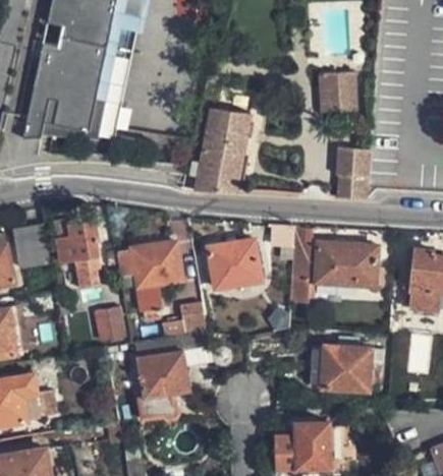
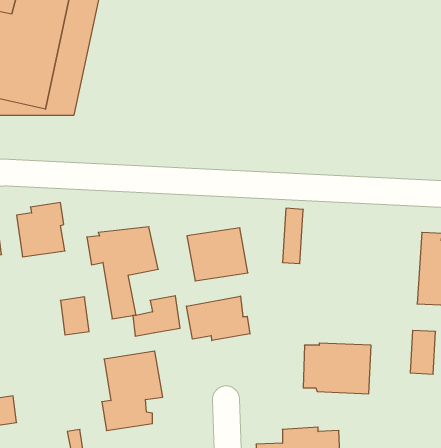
building: [317,71,357,112] -> none
building: [188,104,251,189] -> none
building: [335,144,365,196] -> none
building: [319,243,381,285] -> none
building: none -> [186,296,250,341]

